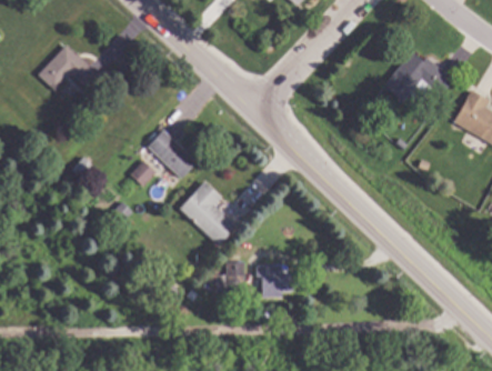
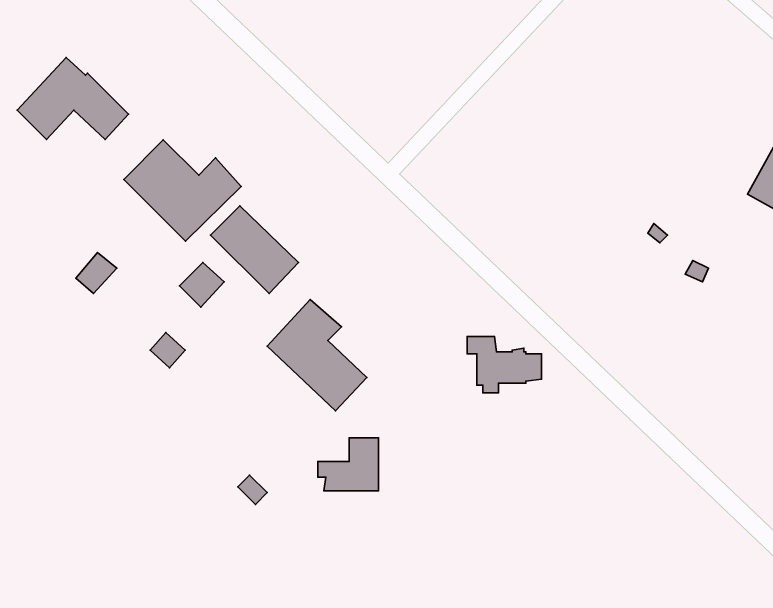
building: [383,51,453,101] -> none
building: none -> [124,140,241,241]
building: [255,264,298,297] -> [467,336,541,393]

